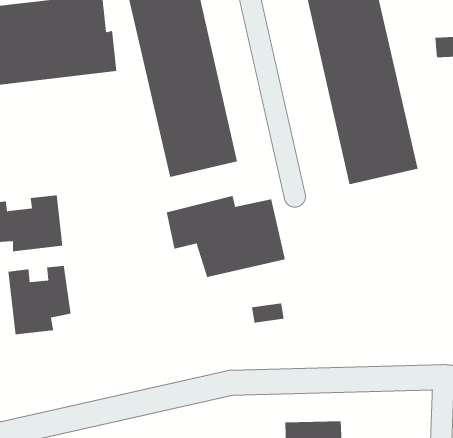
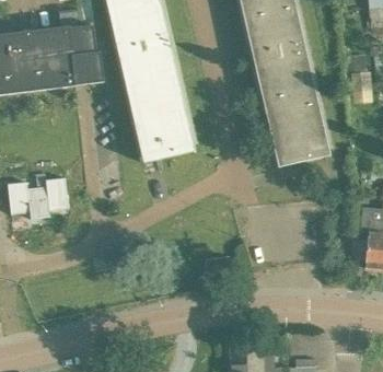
building: [166,195,285,278] -> none
building: [8,265,71,335] -> none

